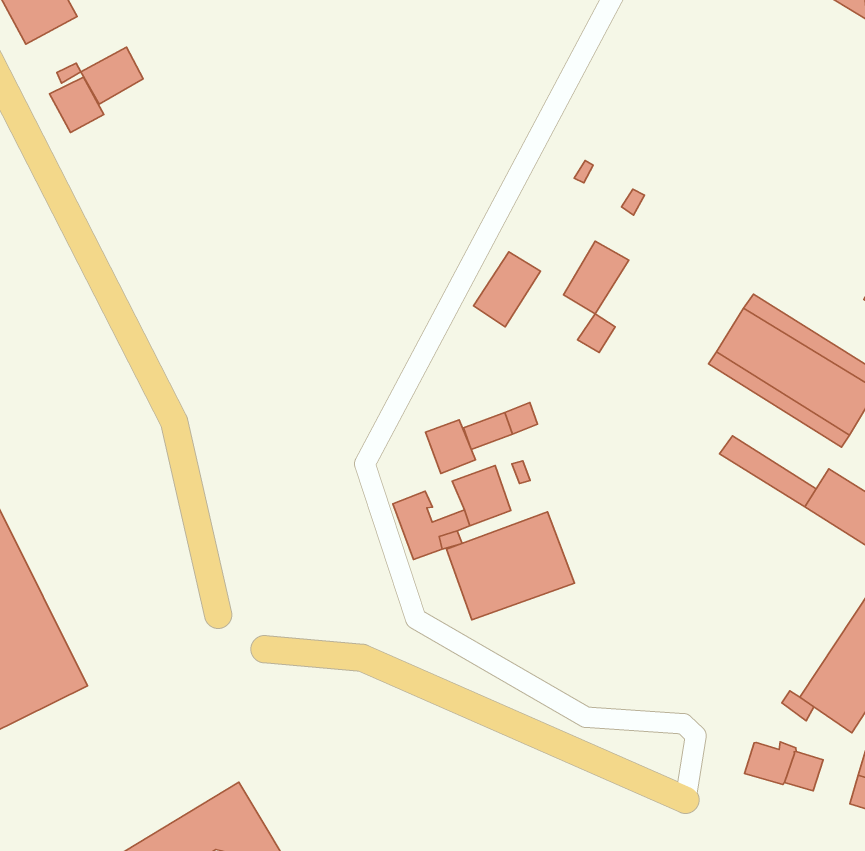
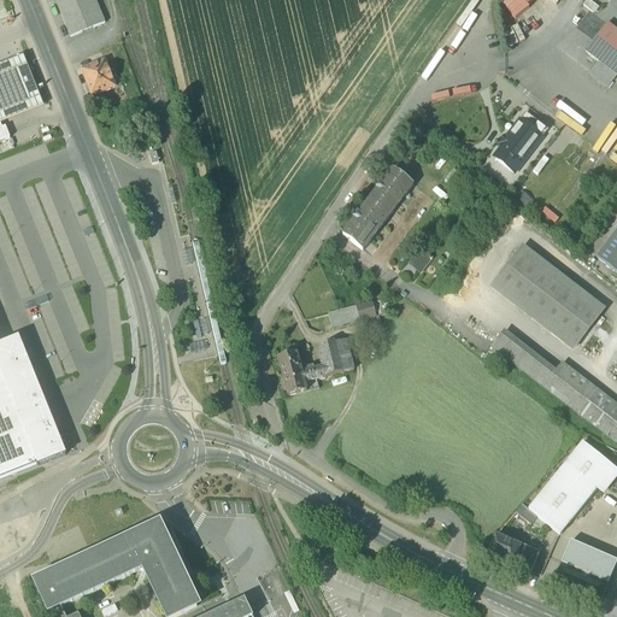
building: [81,47,143,104] -> none
building: none -> [495,110,547,170]
building: [564,241,629,314] -> [369,165,413,212]
building: [425,420,476,473] -> none
building: [447,512,575,620] -> none

